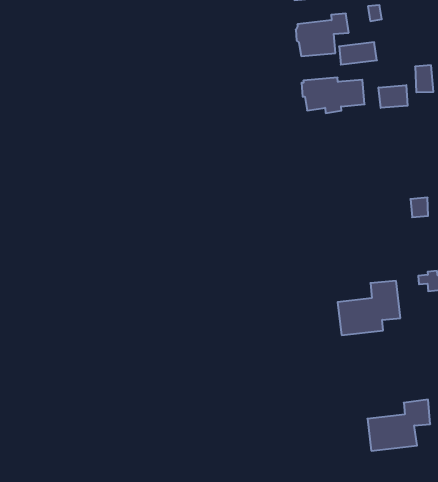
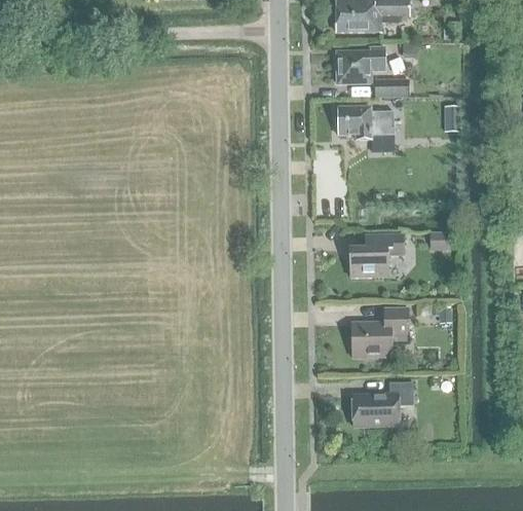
building: [379,85,408,108] -> none
building: none -> [350,233,404,276]
building: [367,400,430,451] -> [353,380,413,425]

